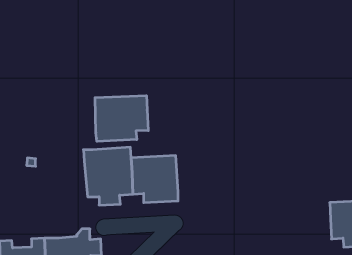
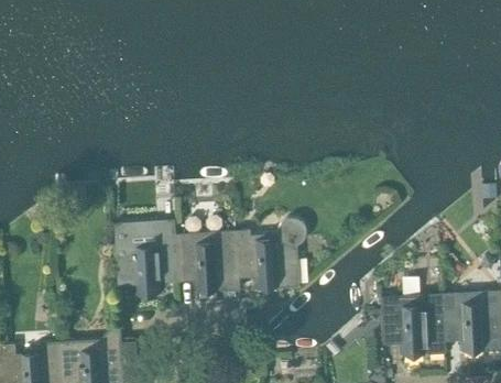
building: [95,96,148,141] -> none
building: none -> [237,219,307,291]
building: none -> [381,294,445,357]

